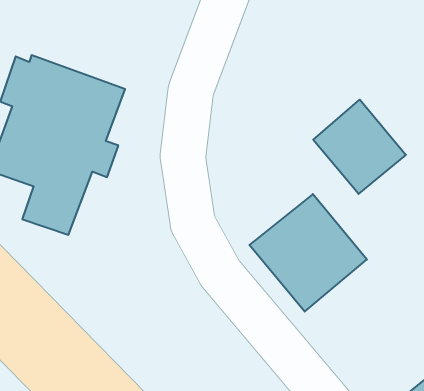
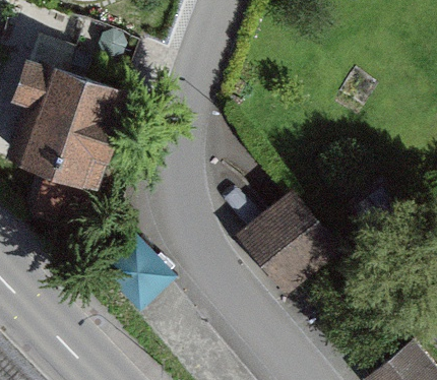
building: [313,100,406,194] -> none

